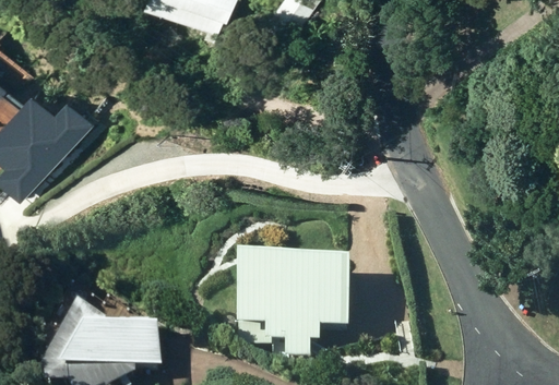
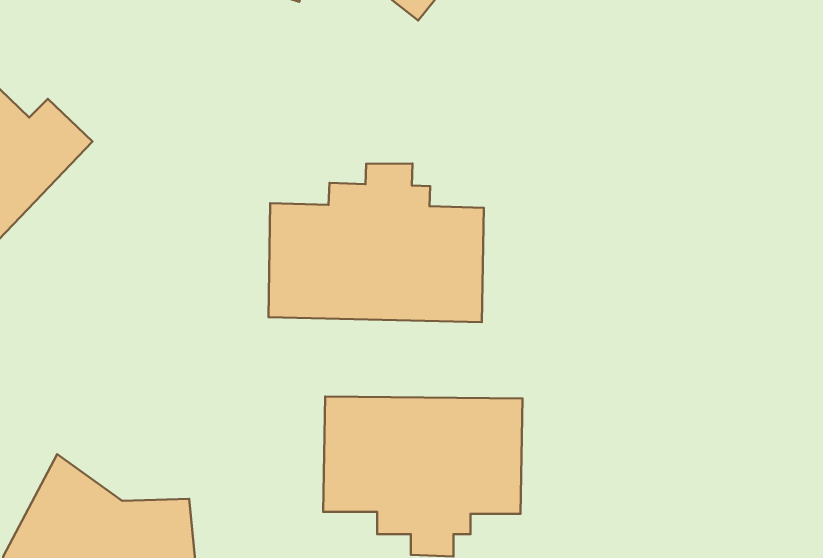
building: none -> [268,163,484,322]

